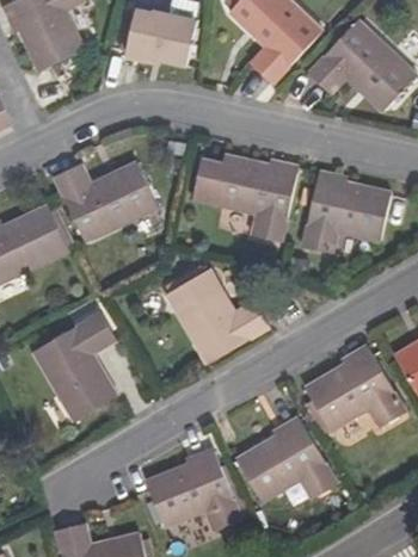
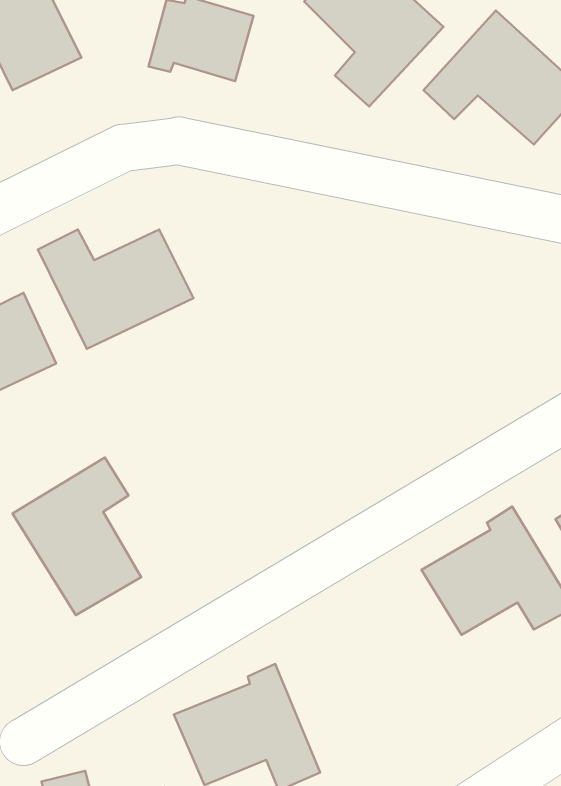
building: [191,154,295,241] -> none
building: [302,169,391,252] -> none
building: [165,270,269,363] -> none
building: [239,419,339,503] -> none

